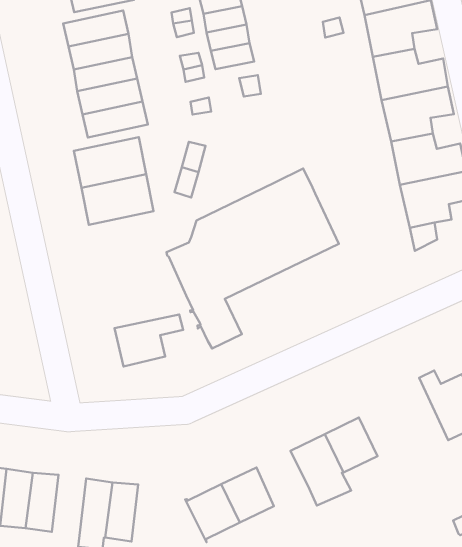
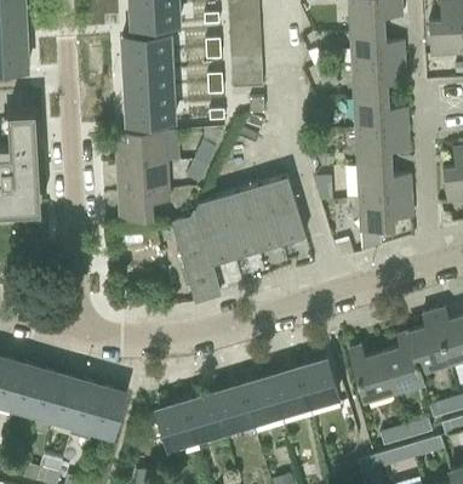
building: [114,315,183,366] -> [118,189,170,222]
building: none -> [299,361,338,403]
building: none -> [216,388,253,428]
building: none -> [52,378,85,427]

